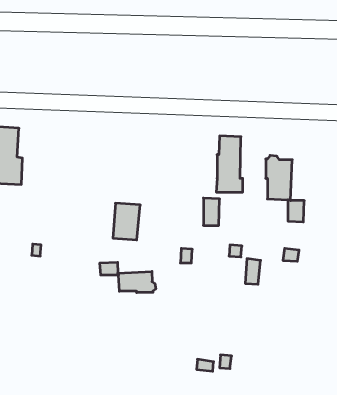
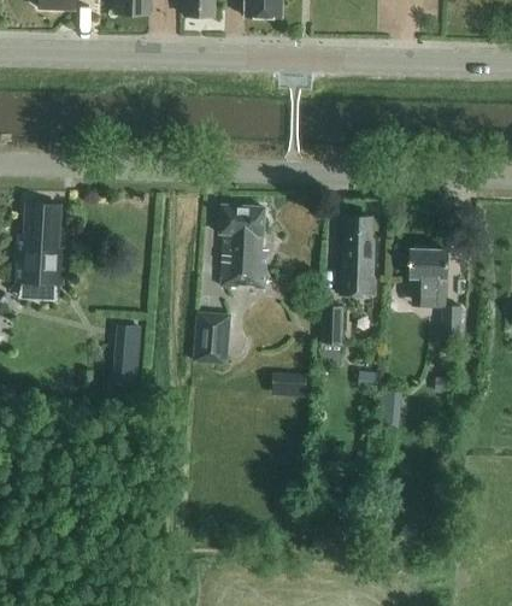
building: none -> [219,205,266,287]
building: none -> [113,345,140,383]
building: [100,262,156,293] -> none

